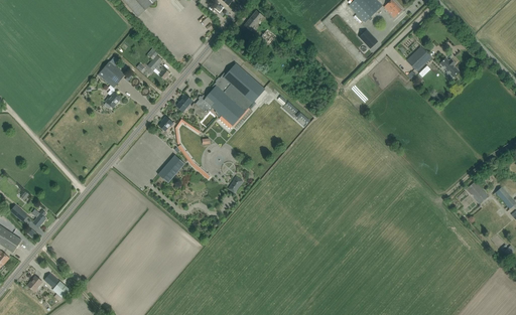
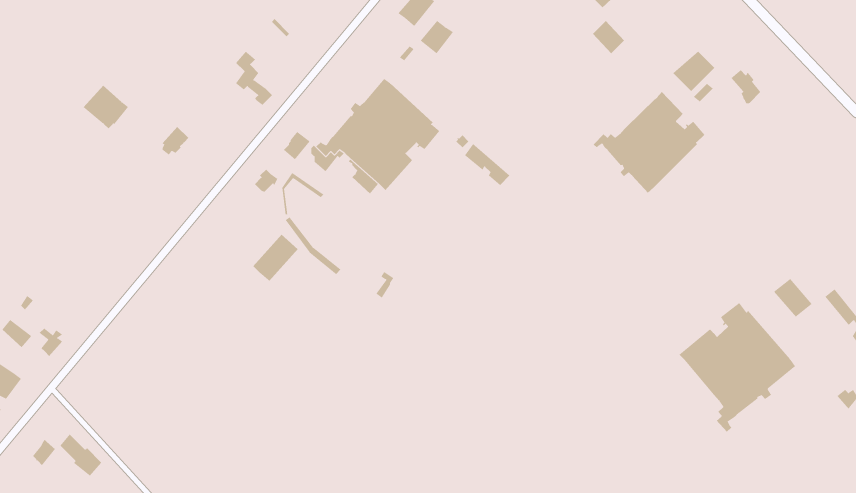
building: [98,60,125,87] -> [83,85,129,129]
building: none -> [593,91,705,193]
building: none -> [679,302,796,432]

